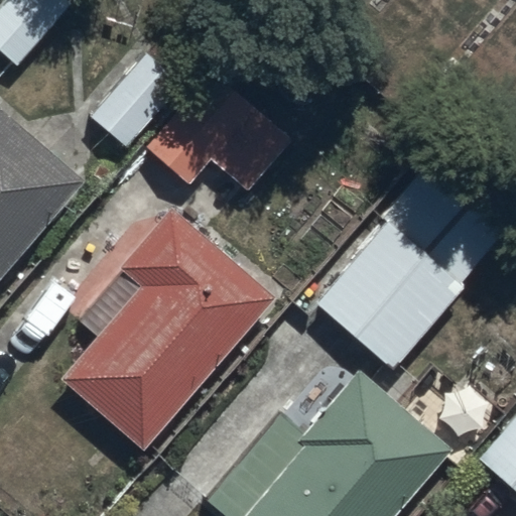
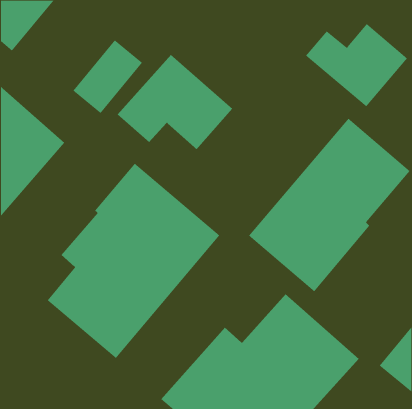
building: none -> [305,23,408,107]

